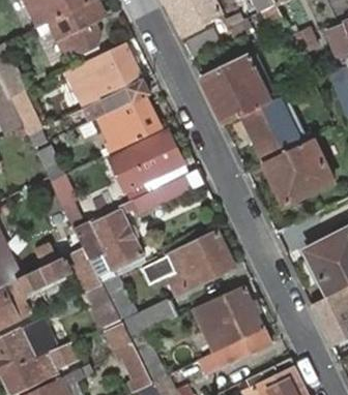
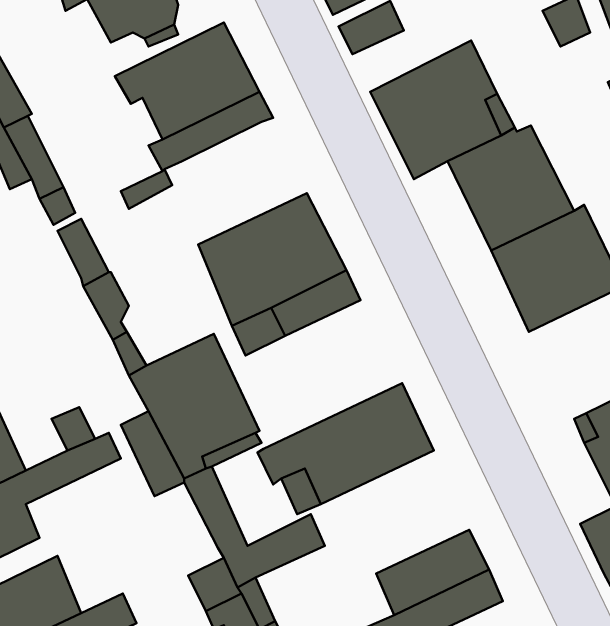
building: [103,95,161,155] -> none
building: [83,283,121,328] -> none
building: [196,290,253,331] -> none

